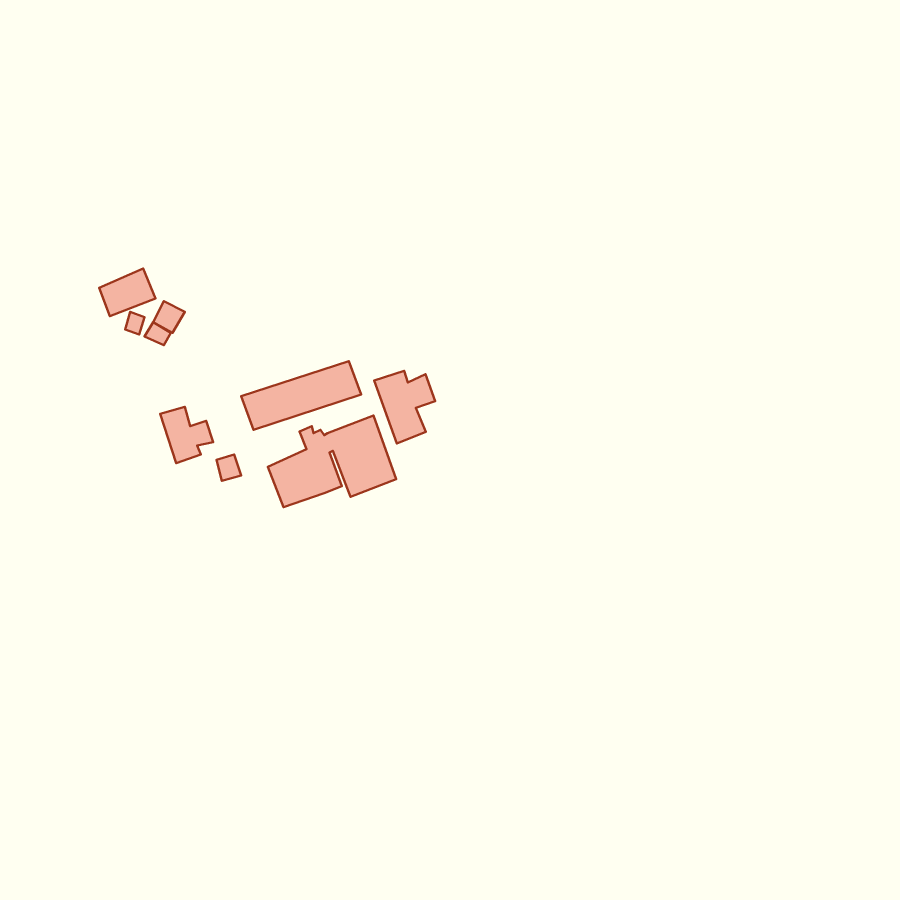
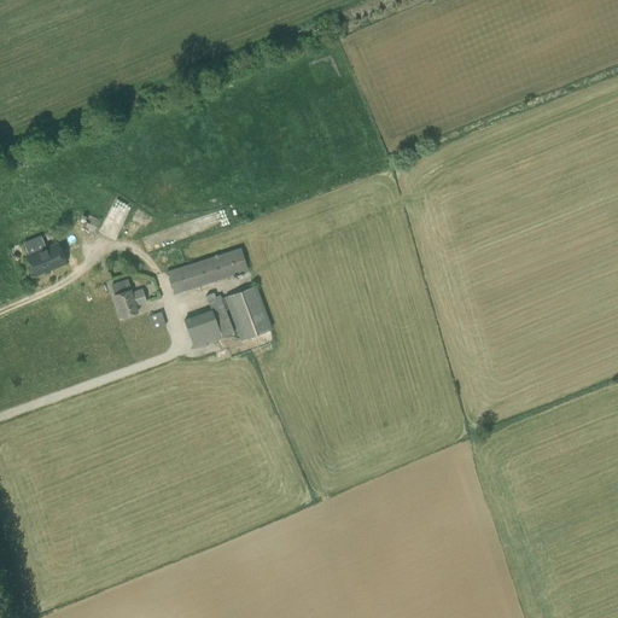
building: [99,269,156,316] -> [27,243,65,275]
building: [374,371,435,444] -> none

